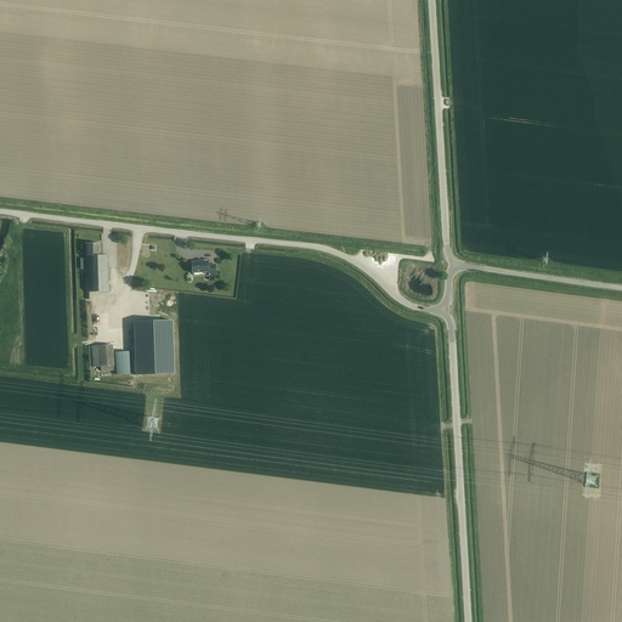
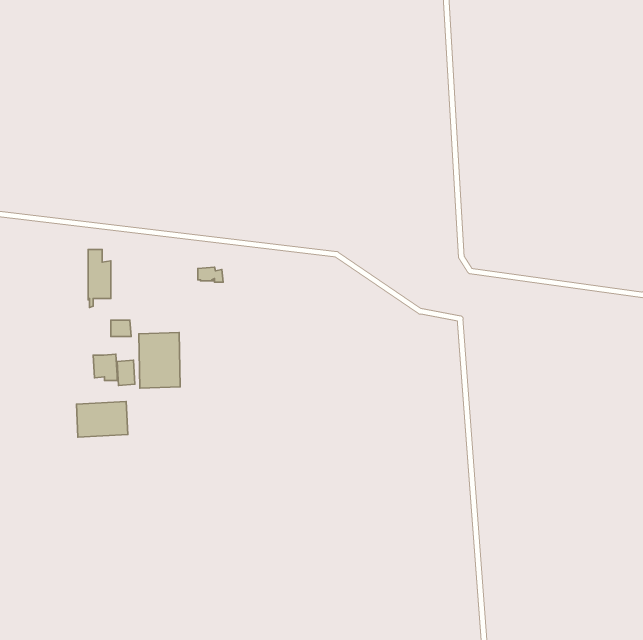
building: none -> [76,401,128,437]

